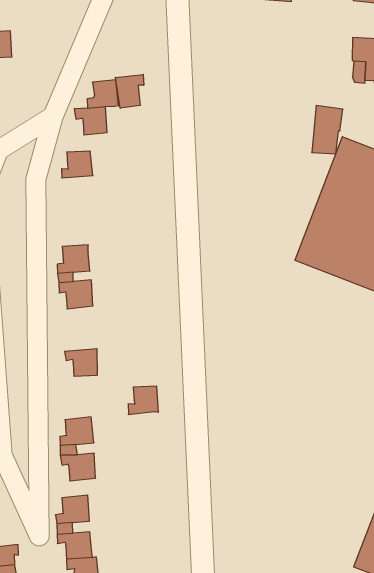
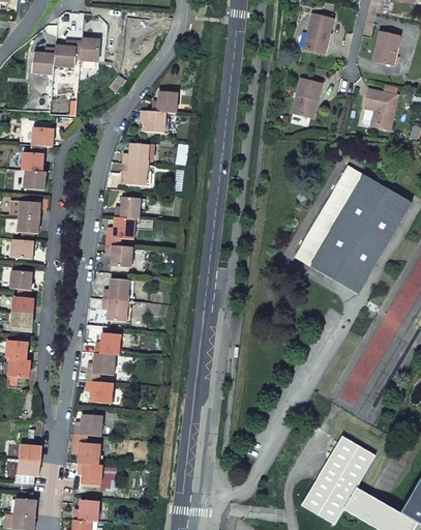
building: [115,74,144,108] -> none
building: [312,106,343,154] -> [292,77,322,117]
building: none -> [121,163,147,185]
building: none -> [114,197,140,218]
building: none -> [102,278,129,301]
building: [128,386,158,414] -> [94,332,120,355]

